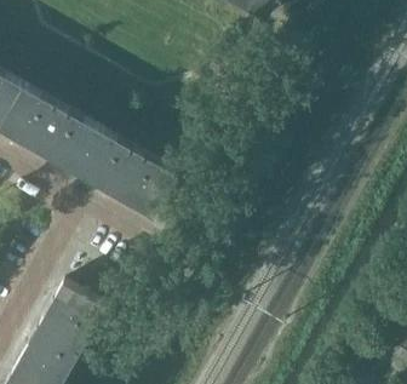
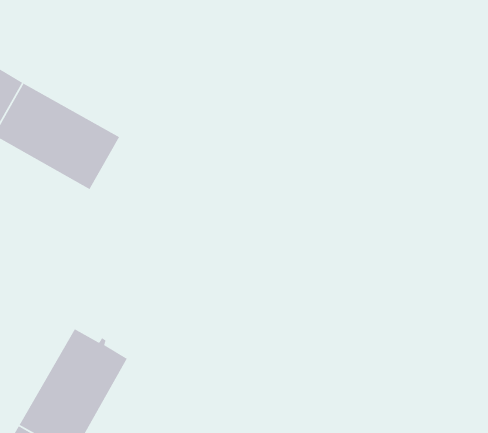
building: [74,130,177,217] -> none

